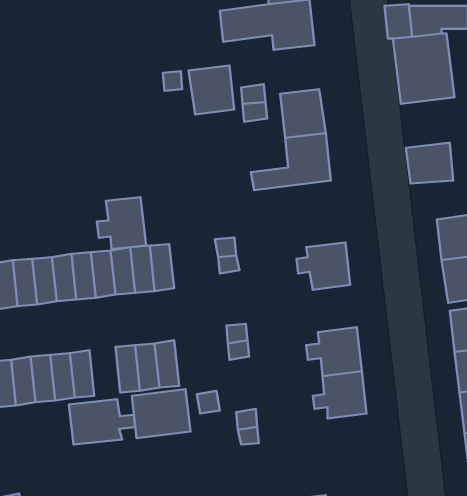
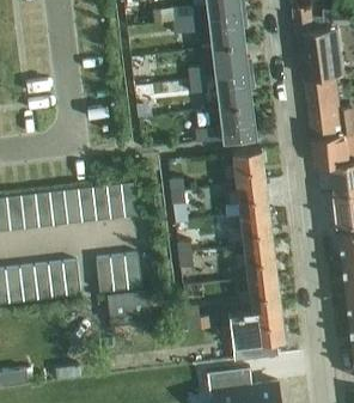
building: [189,66,234,115] -> [210,36,244,72]
building: none -> [304,75,338,111]
building: none -> [311,135,347,165]
building: [97,197,146,249] -> none
building: none -> [224,148,263,184]
building: none -> [232,212,271,246]
building: [69,399,135,445] -> none
building: none -> [227,306,282,358]

